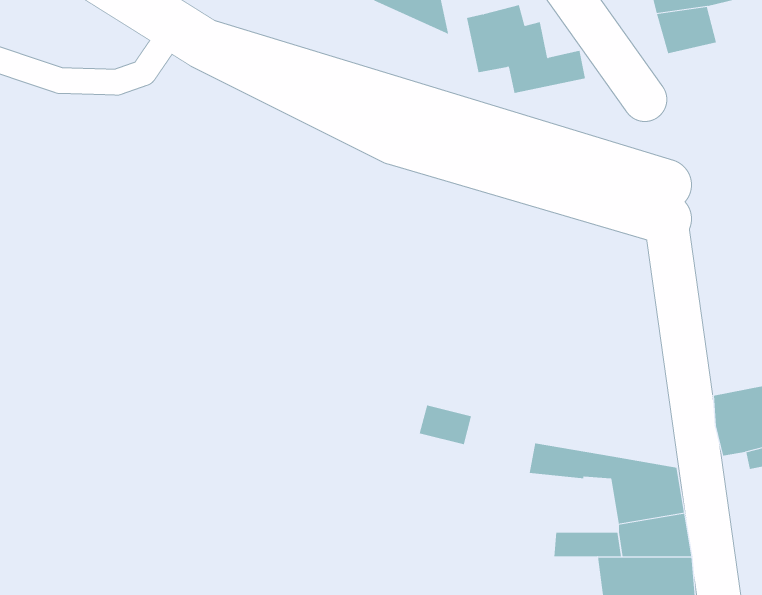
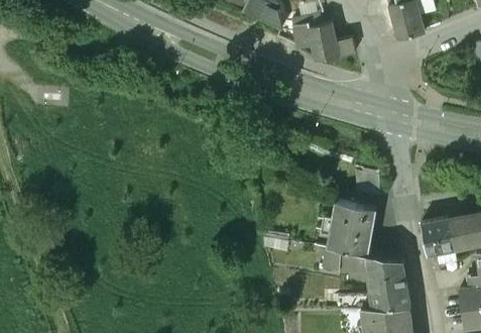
building: none -> [328,200,377,254]

